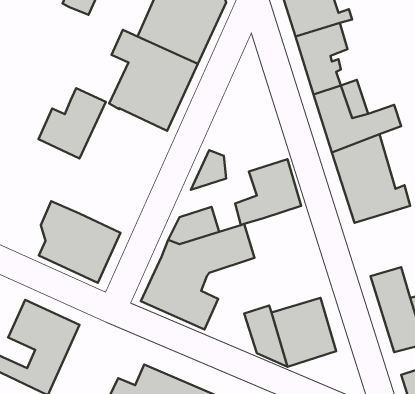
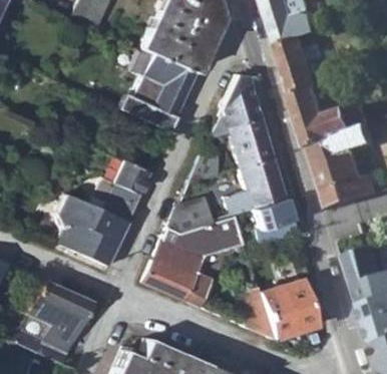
building: none -> [212,74,274,166]
building: [39,88,106,158] -> [90,158,149,221]
building: none -> [253,197,297,242]

